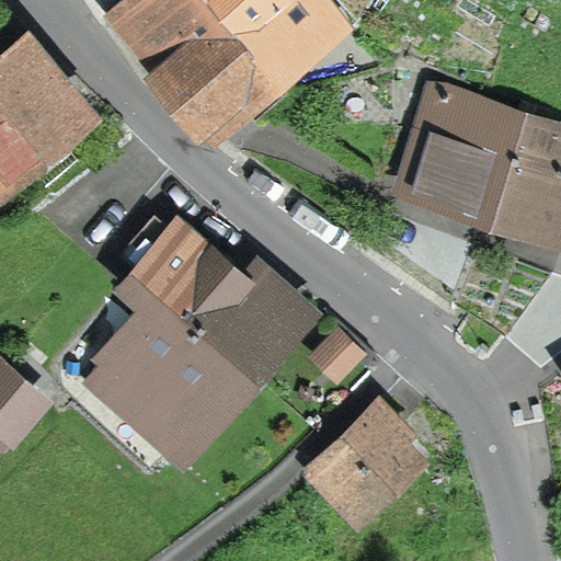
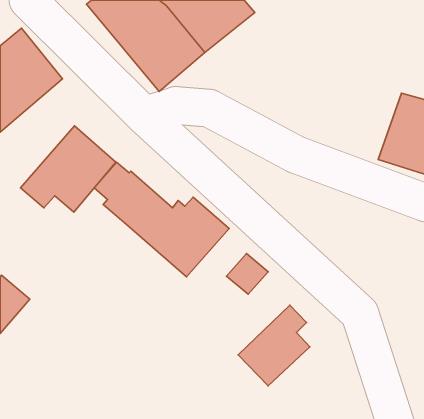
building: [403,92,530,218] -> none
building: none -> [20,126,116,212]
building: [98,304,248,454] -> none

